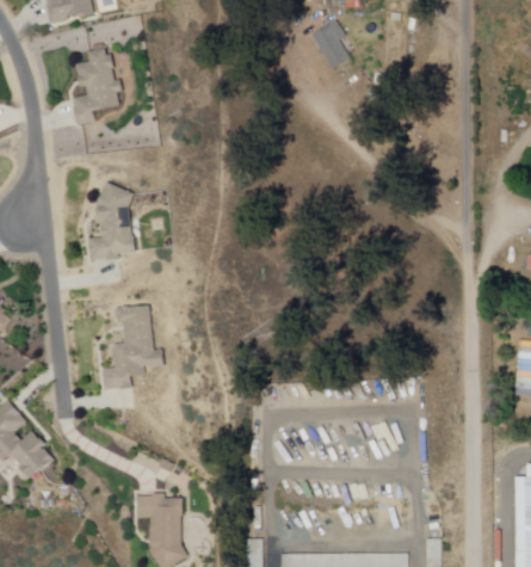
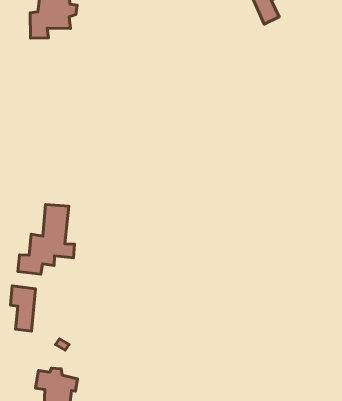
building: [85,183,135,260] -> none
building: none -> [11,286,35,331]

